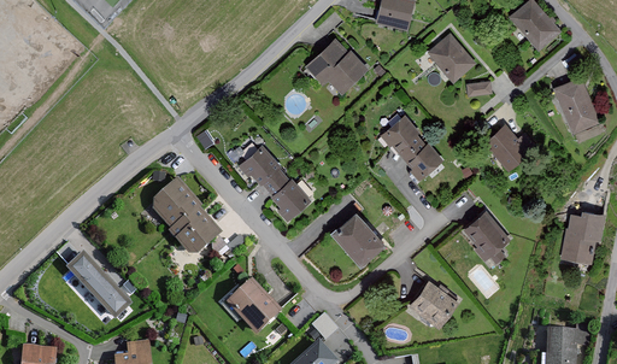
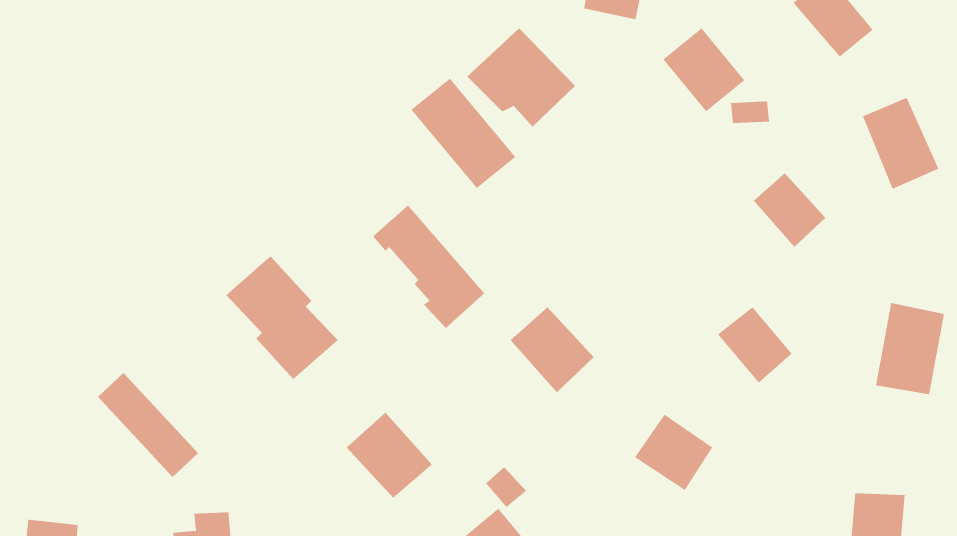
building: [377,111,445,182] -> [411,78,516,189]

